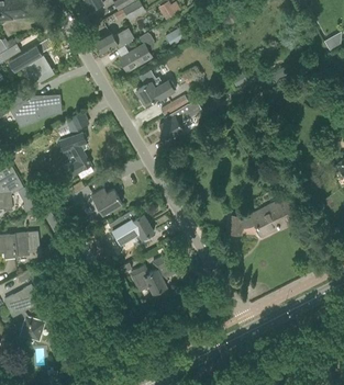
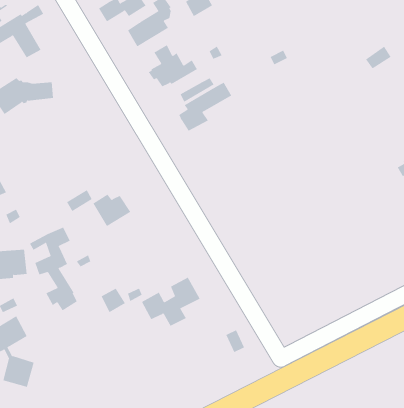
building: [55,113,93,180] -> [29,227,77,311]
building: [225,201,296,236] -> none
building: [109,211,154,247] -> none

